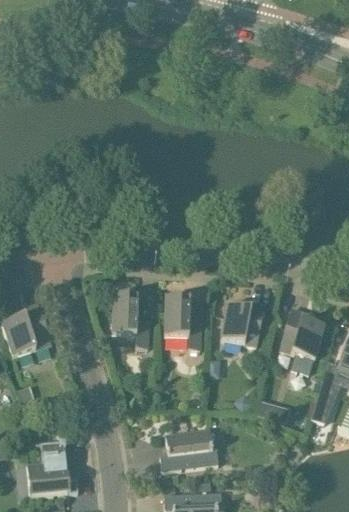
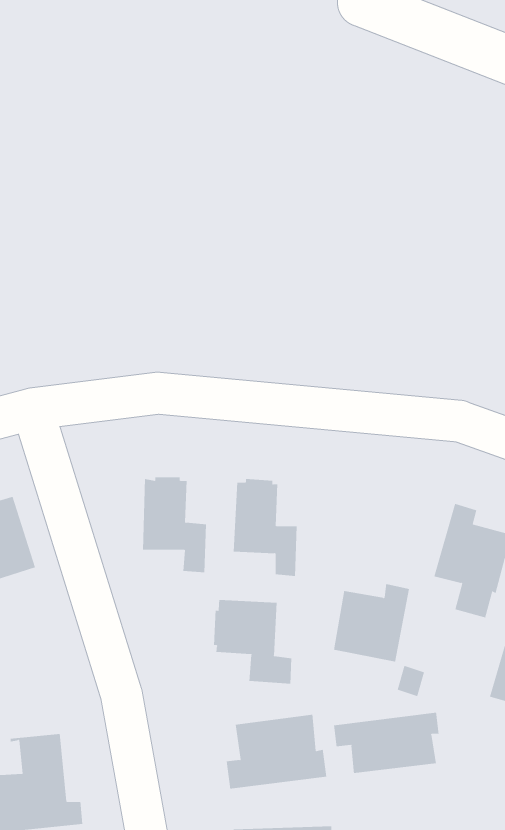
building: [221,300,265,345] -> [333,584,410,662]
building: none -> [214,599,292,685]
building: none -> [333,712,439,774]

